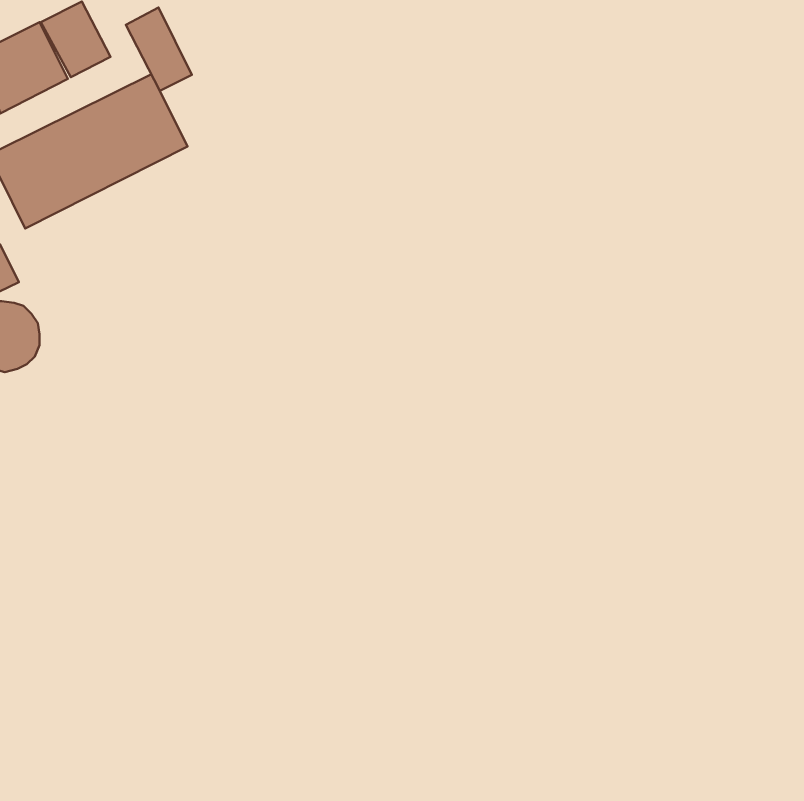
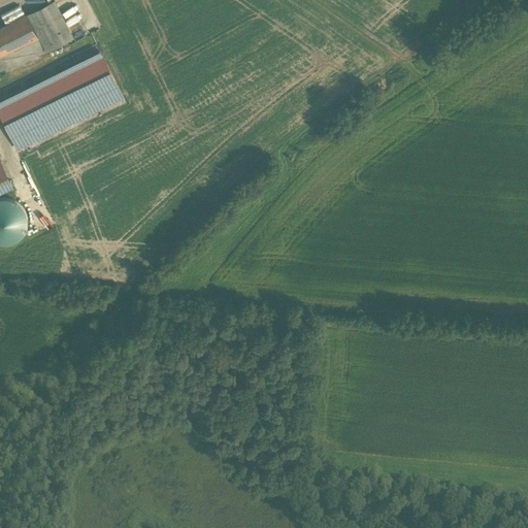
building: [126,7,192,91] -> none

